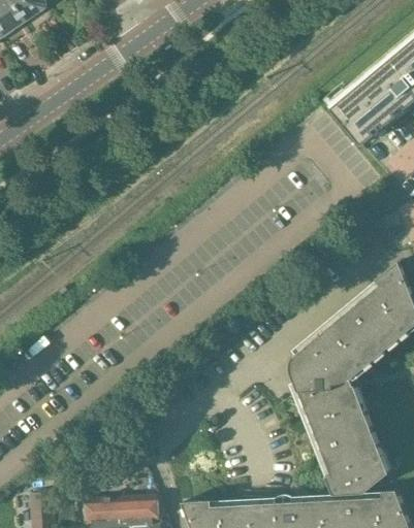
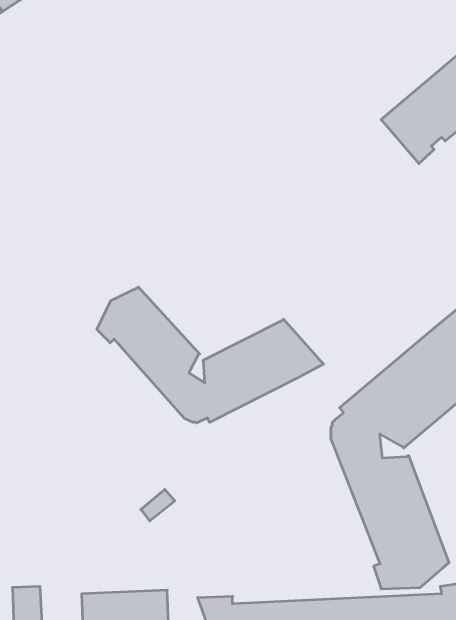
building: none -> [97,287,324,423]

